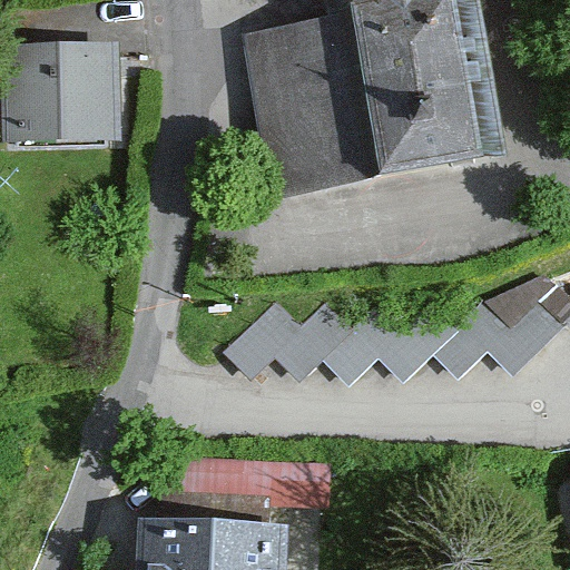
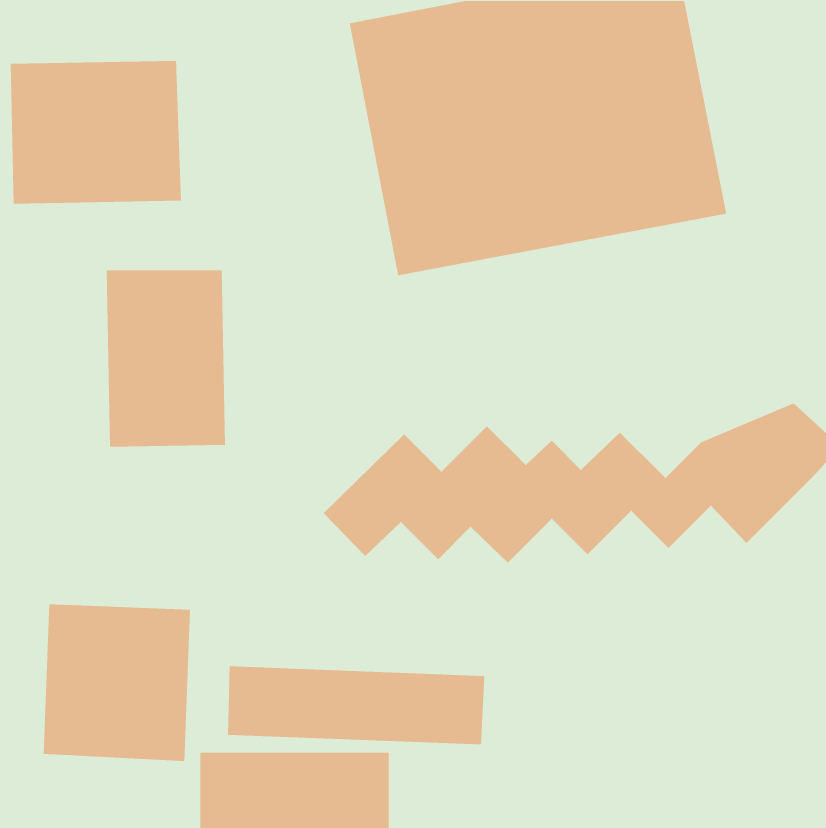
building: none -> [106,269,226,447]
building: none -> [43,603,191,762]

